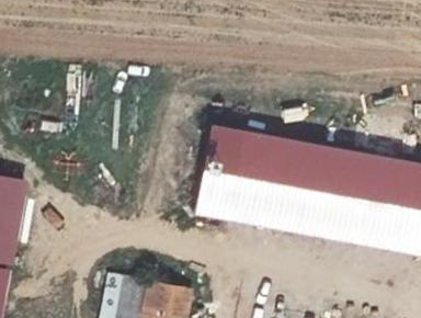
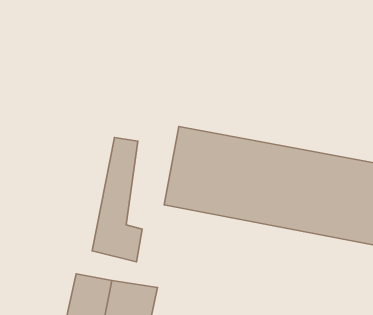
building: none -> [92,137,142,262]

